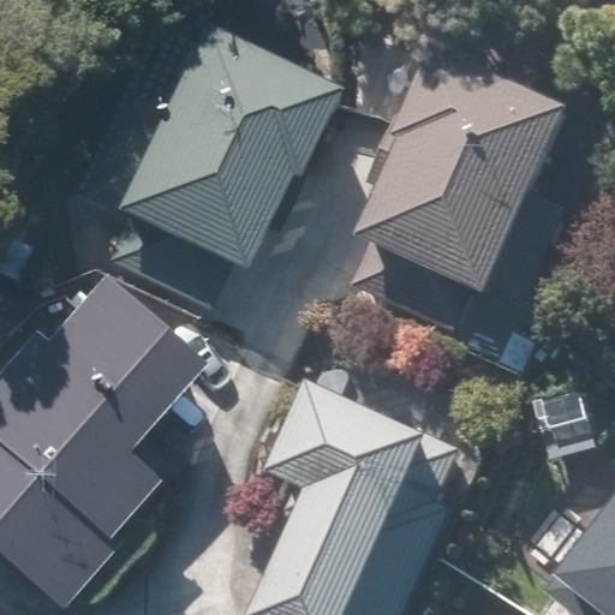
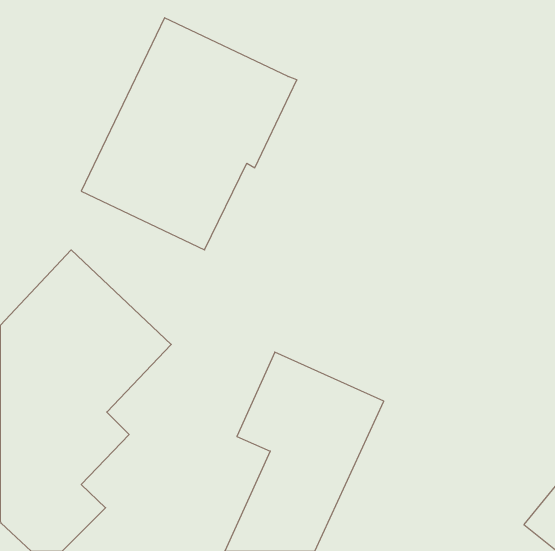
building: [364,48,568,289] -> none

